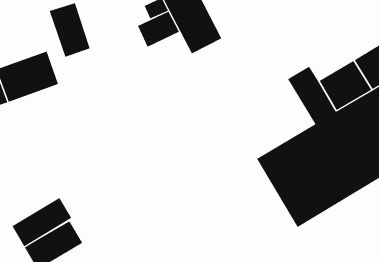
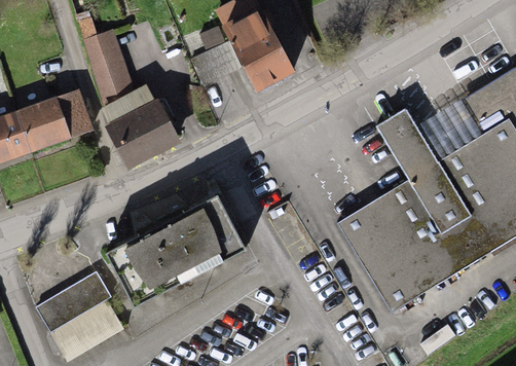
building: none -> [101,84,181,170]
building: none -> [107,195,247,307]

